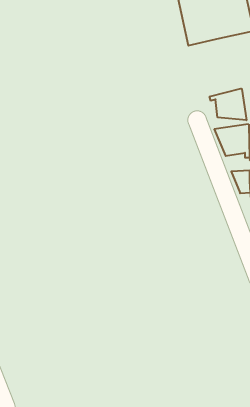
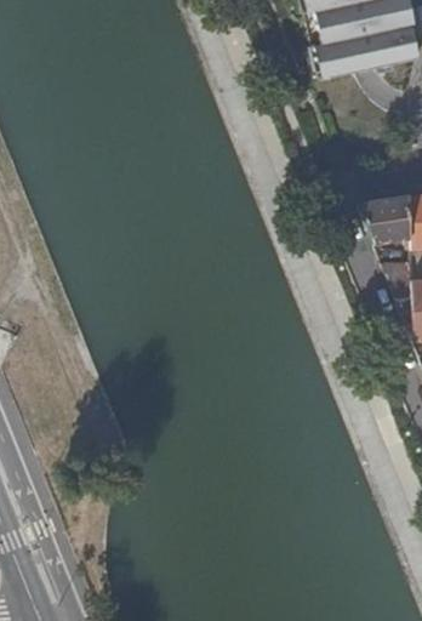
building: [210,89,246,120] -> none

